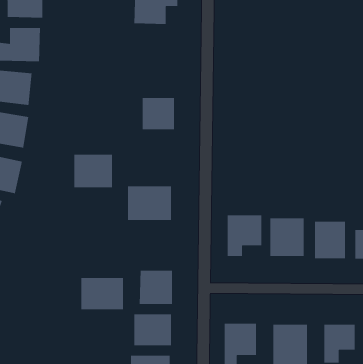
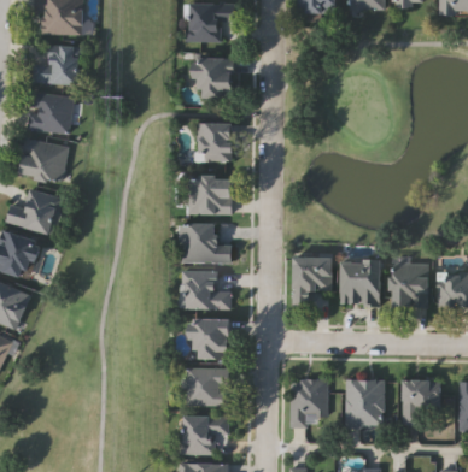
building: none -> [194,58,234,98]
building: [74,154,113,188] -> [187,176,232,214]
building: [80,277,124,310] -> [180,272,229,309]

